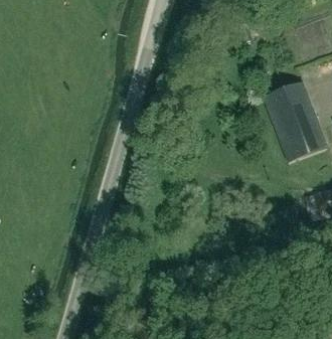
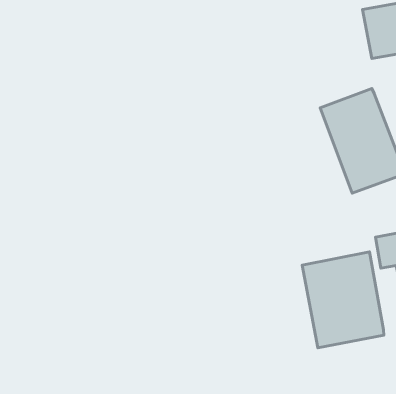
building: none -> [302,252,384,348]

